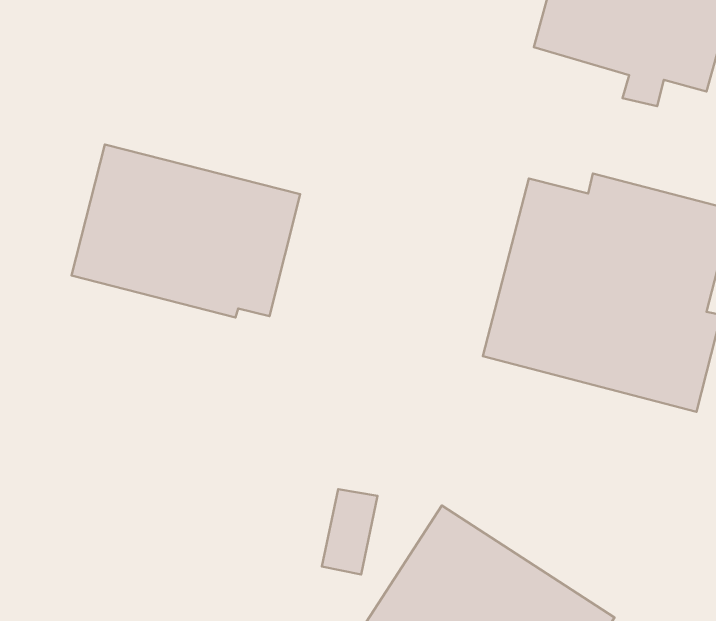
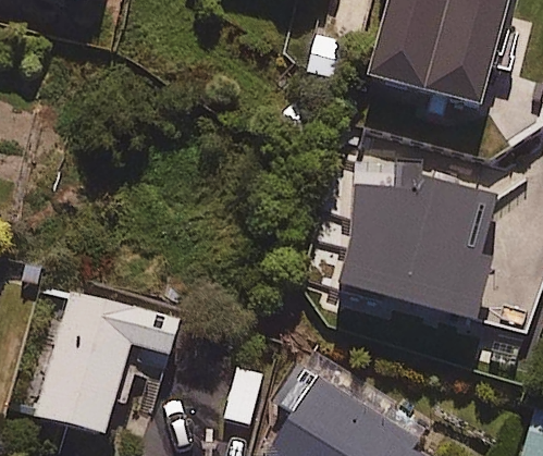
building: [71,144,300,317] -> none
building: none -> [39,288,181,431]

